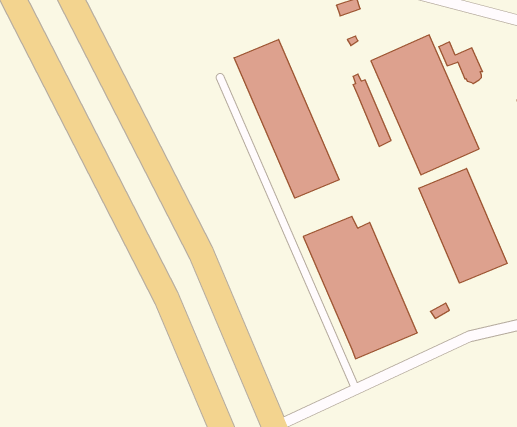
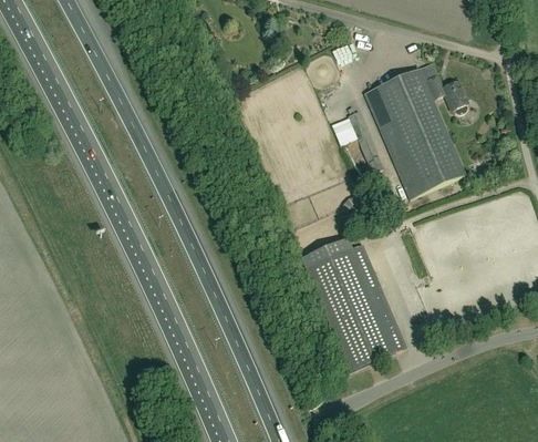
building: [234,39,339,198] -> none
building: [419,168,507,283] -> none

